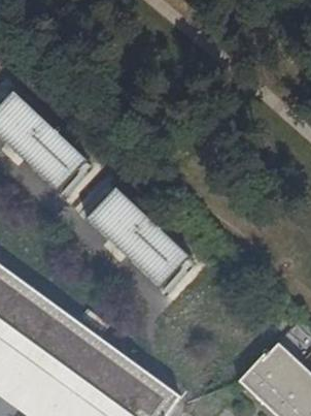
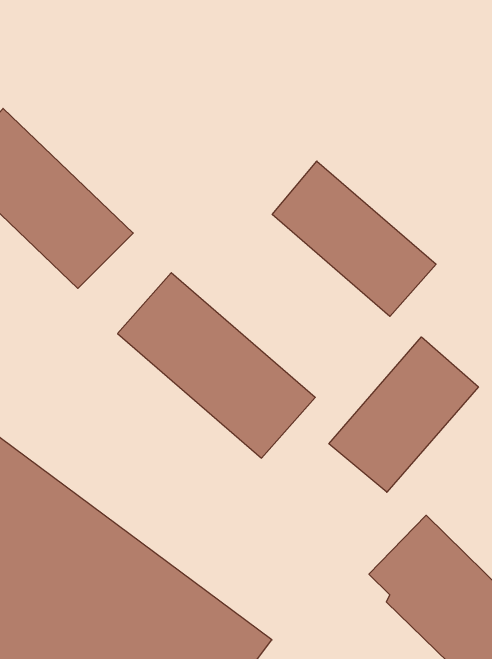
building: none -> [272,161,436,316]
building: none -> [329,337,478,492]

